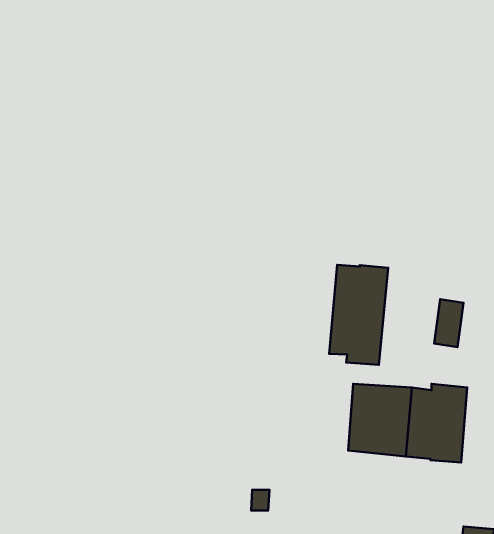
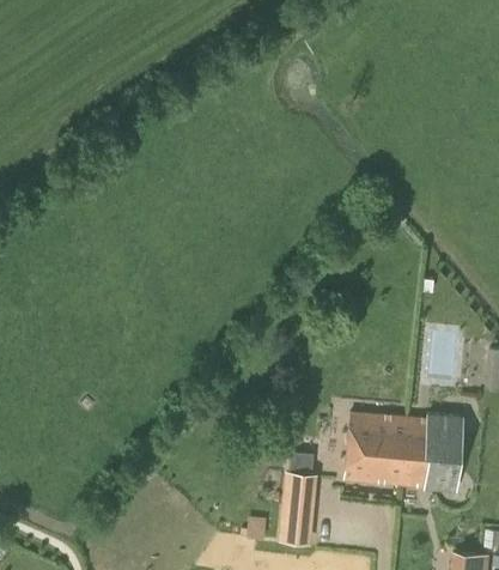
building: [329,265,388,365] -> none
building: none -> [284,473,314,542]

